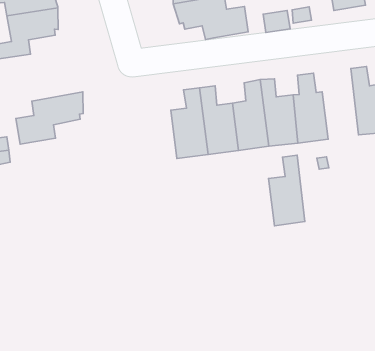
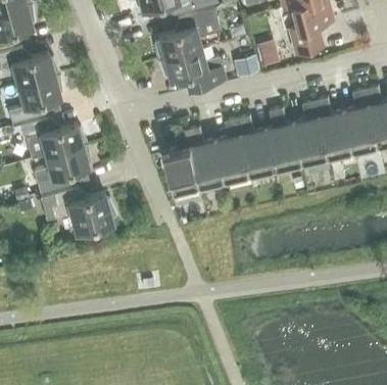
building: none -> [20,117,88,155]
building: none -> [40,187,115,237]
building: [268,155,305,226] -> [292,100,327,162]

